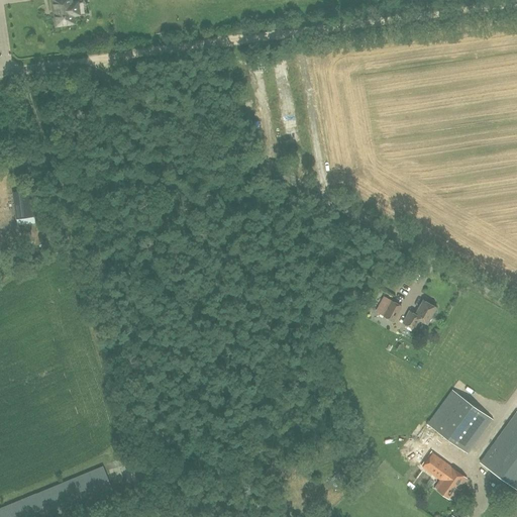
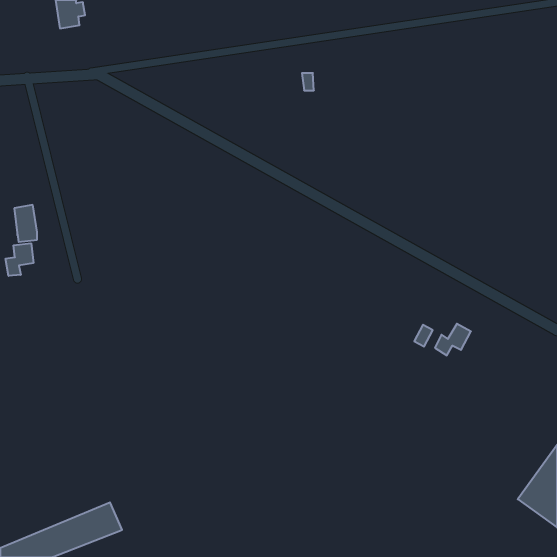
building: none -> [6,243,33,276]
building: [427,389,492,452] -> none
building: [422,452,467,500] -> none

